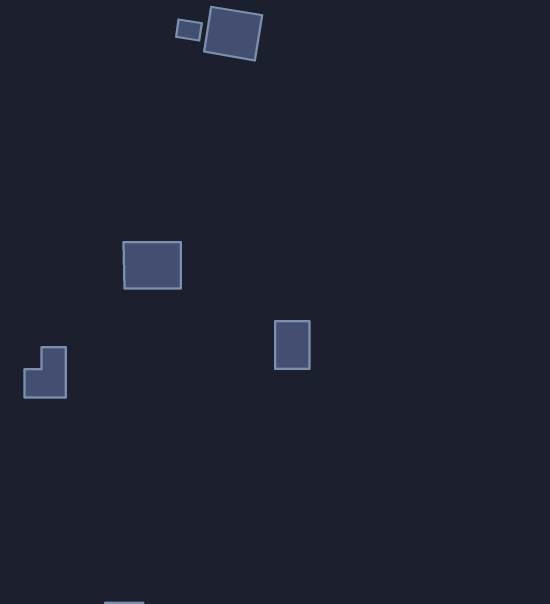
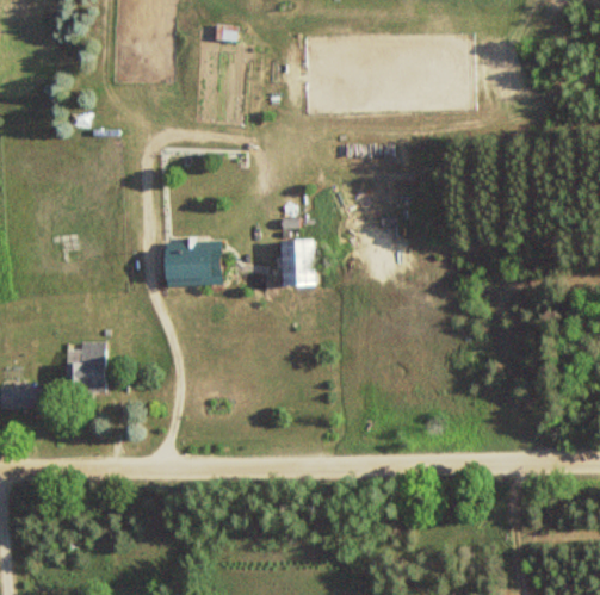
building: [204,7,262,61] -> none
building: [275,321,310,369] -> [280,240,314,286]

